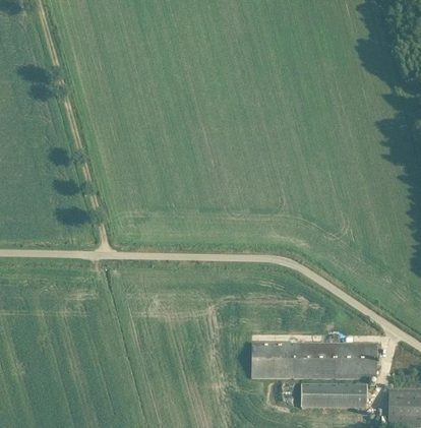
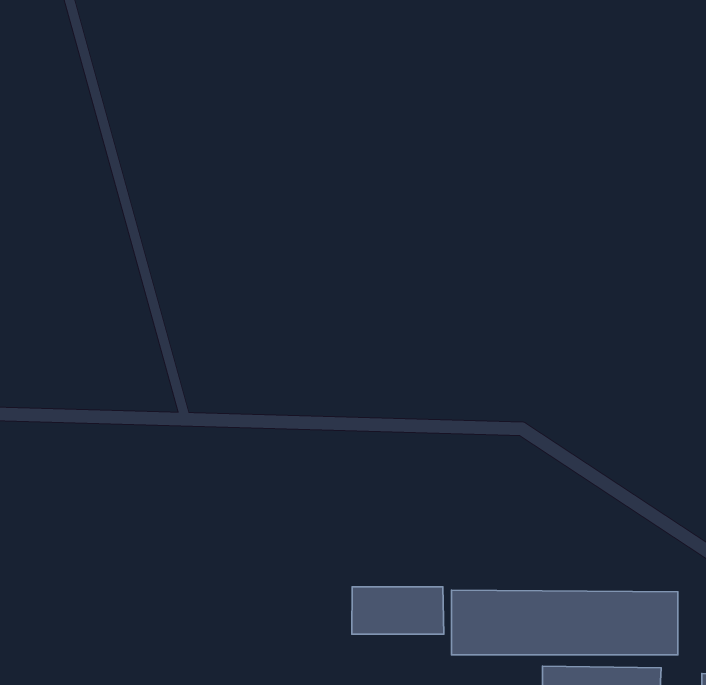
building: none -> [352,587,444,634]

